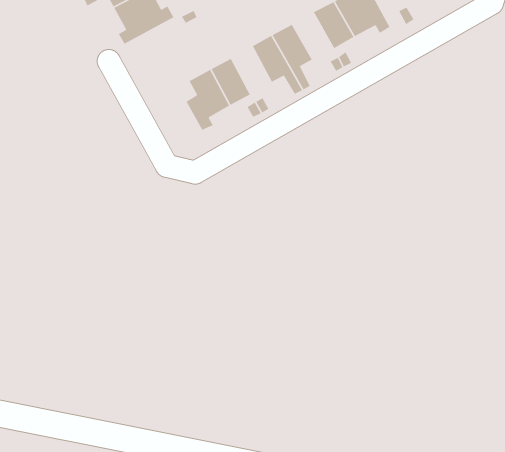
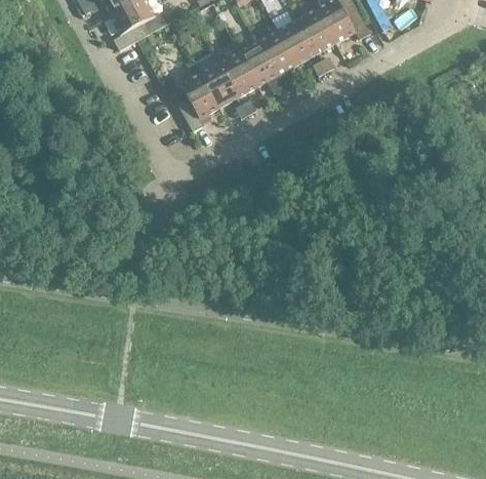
building: none -> [277,19,316,65]
building: none -> [219,51,257,97]

